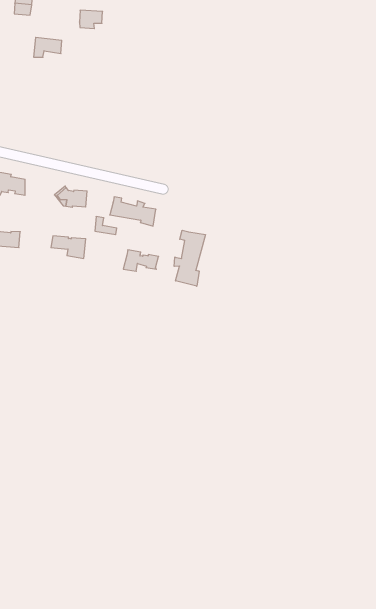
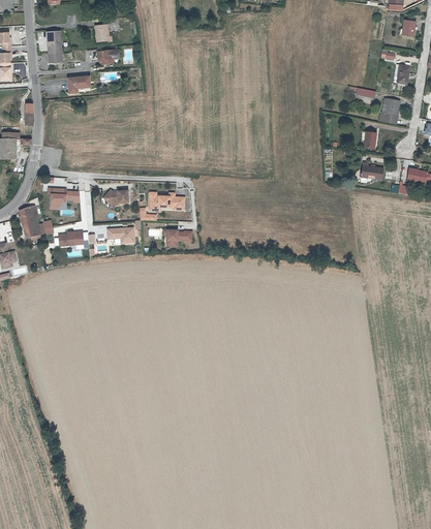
building: [174,230,205,286] -> none

